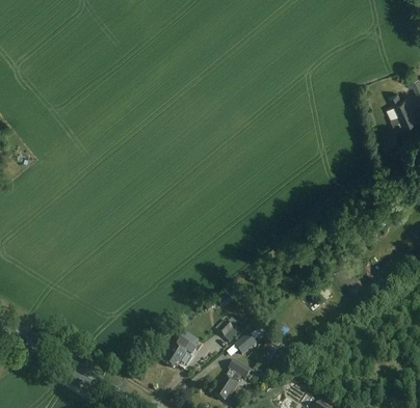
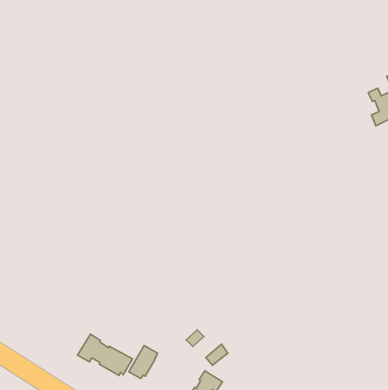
building: none -> [78,334,133,376]

